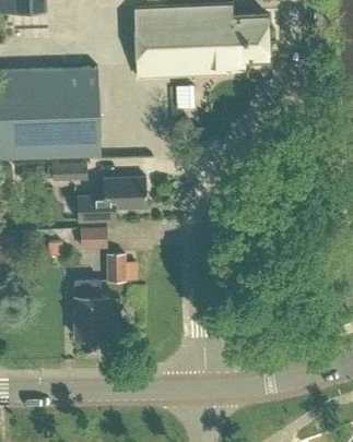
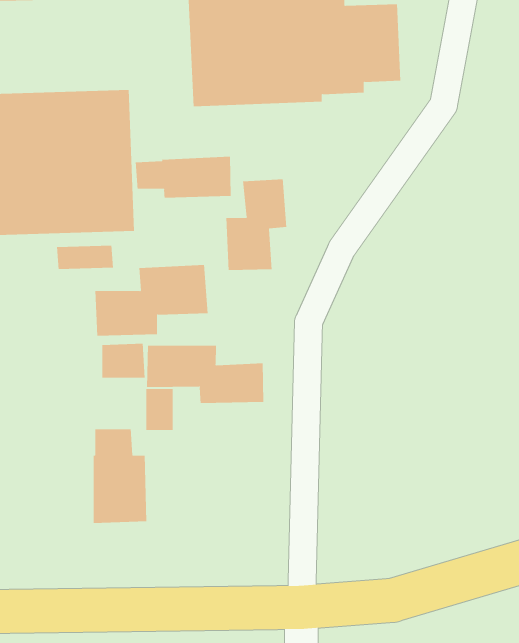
building: none -> [135,156,231,199]
building: none -> [226,179,287,271]
building: none -> [146,345,264,404]

